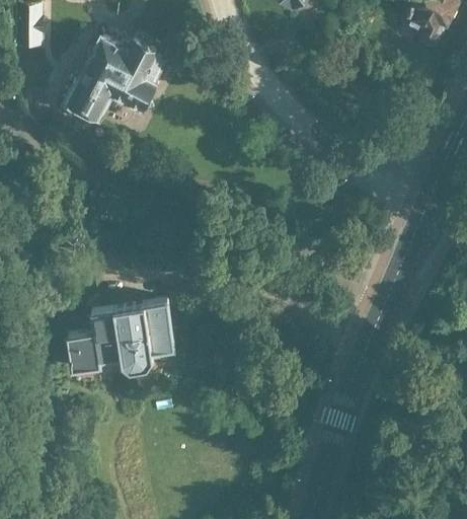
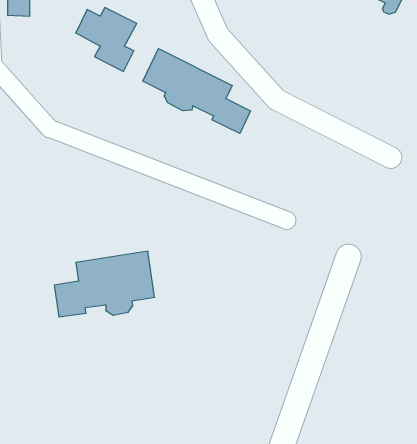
building: [58,65,118,122] -> none
building: none -> [143,49,251,133]

